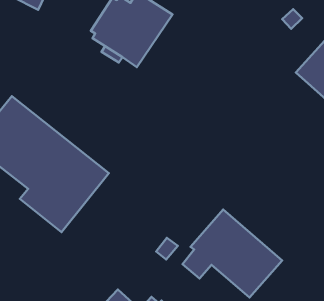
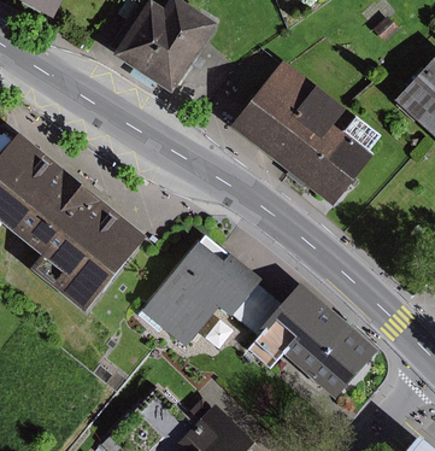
building: none -> [230,59,381,206]
building: none -> [139,236,280,346]

